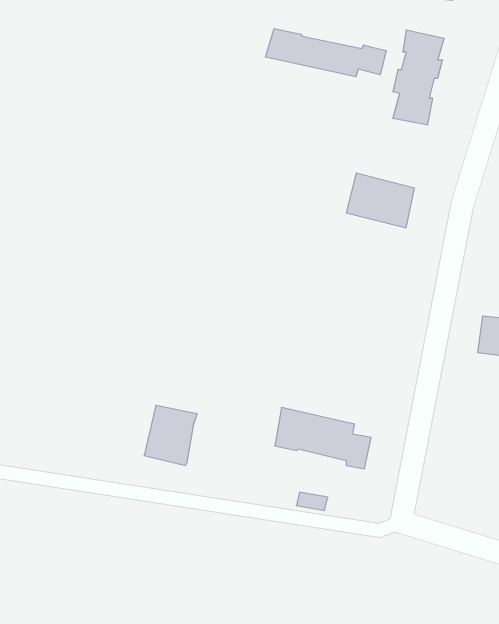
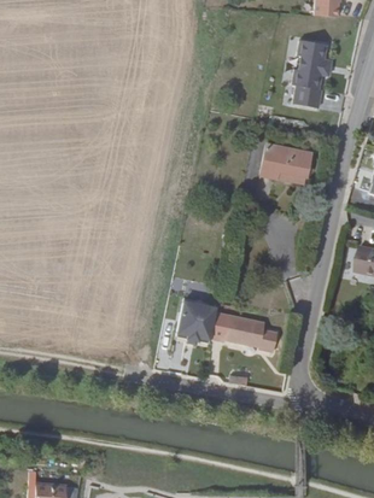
building: [265,29,386,77] -> none
building: [144,406,197,465] -> [176,298,215,341]

